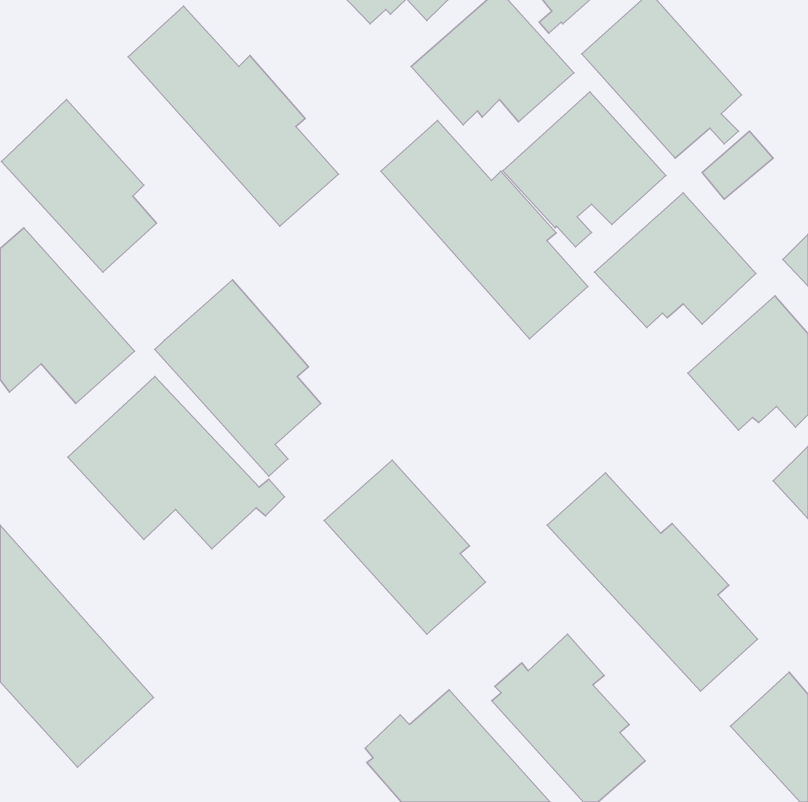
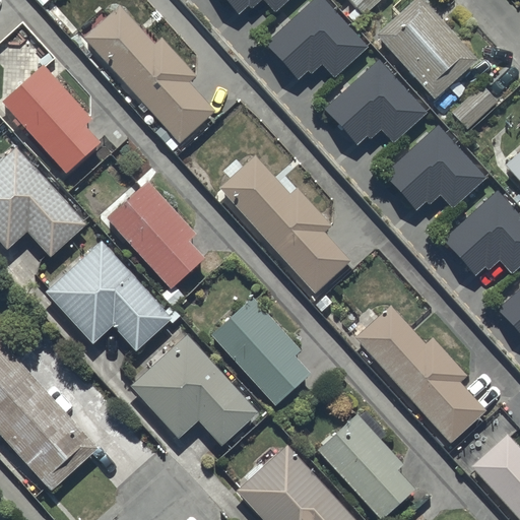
building: [381,120,588,339] -> [218,154,351,295]
building: none -> [129,334,258,448]

